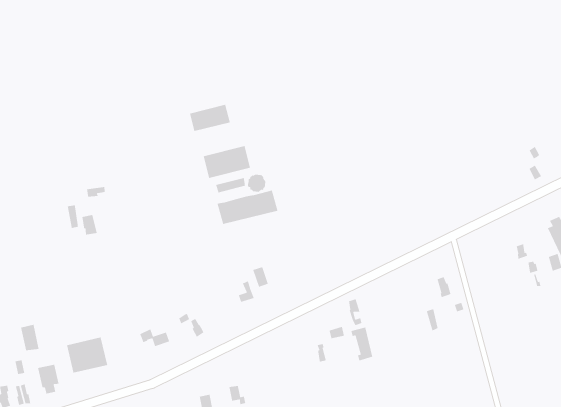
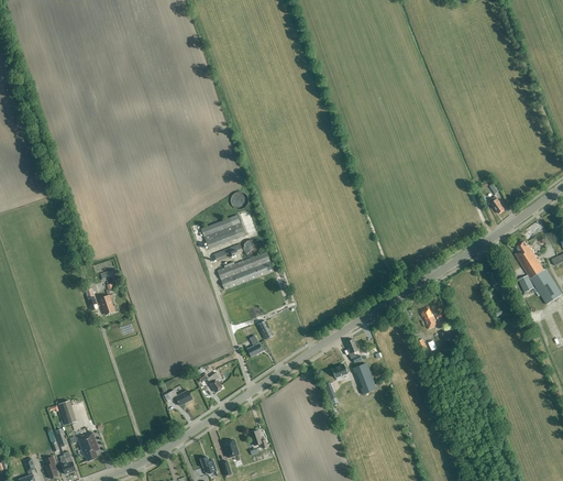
building: [189,104,231,132] -> none
building: [66,337,108,374] -> none

